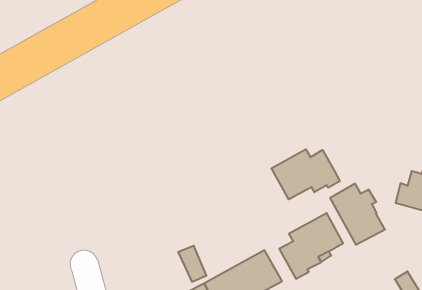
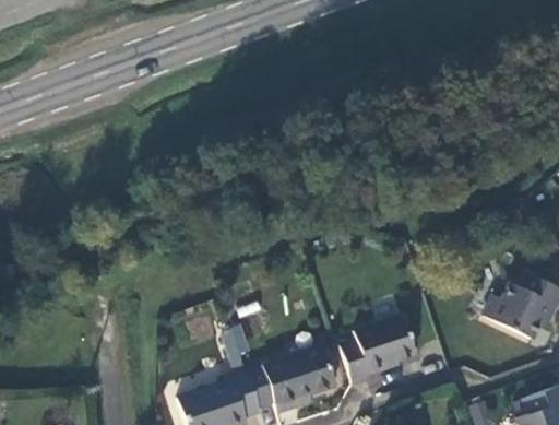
building: [271,149,340,199] -> none
building: [330,184,385,245] -> none

